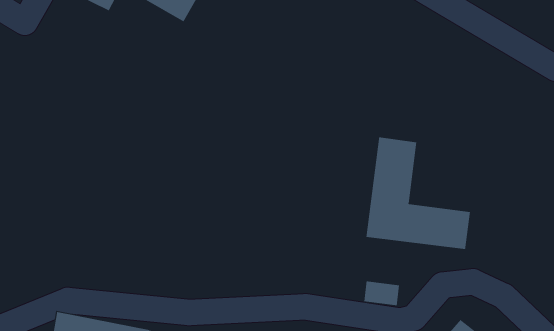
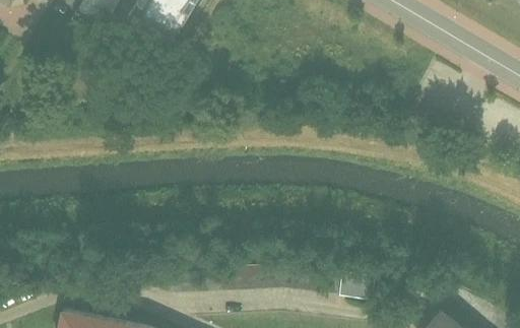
building: [366,137,470,250] -> none

